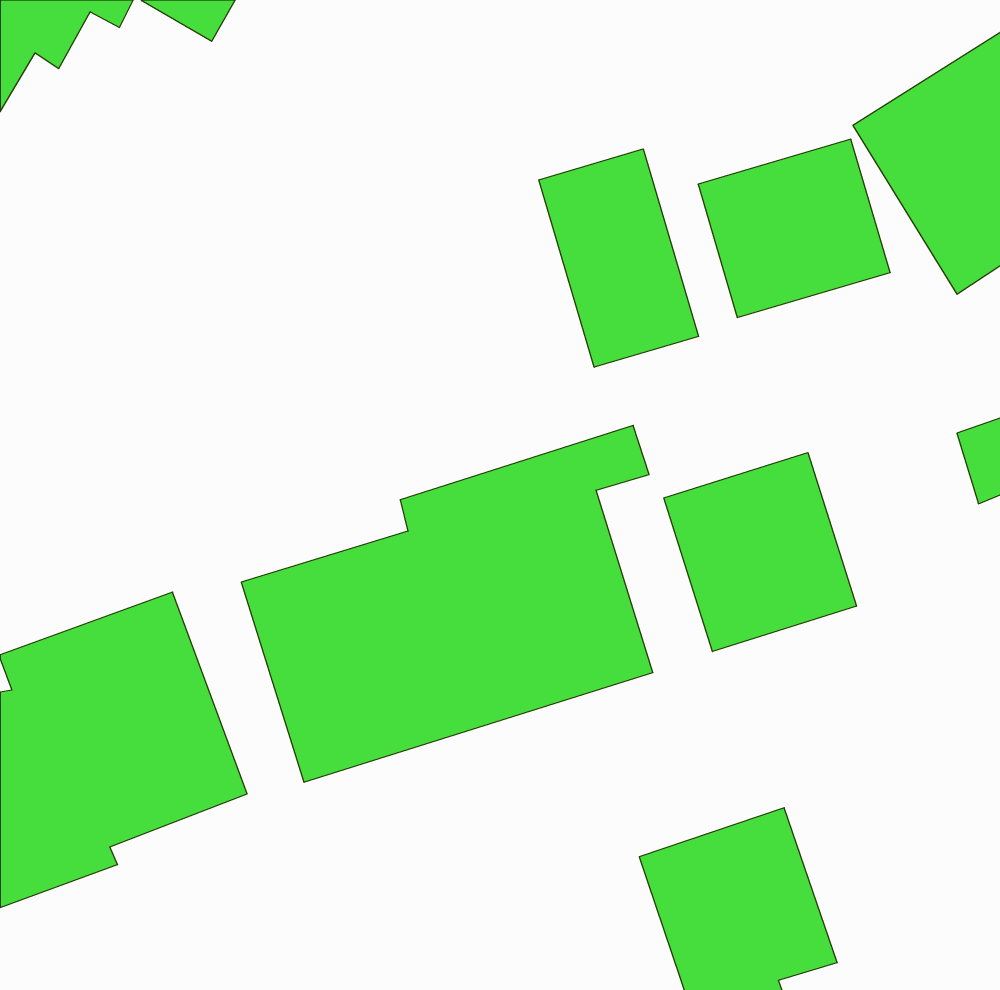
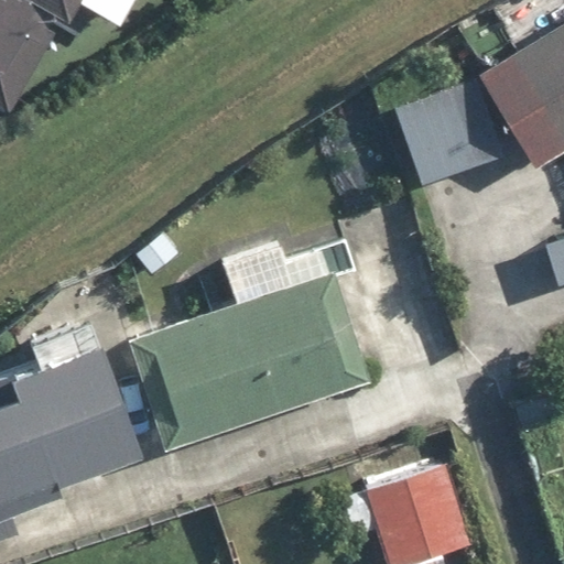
building: [539,149,698,367] -> none
building: [664,453,856,652] -> none

